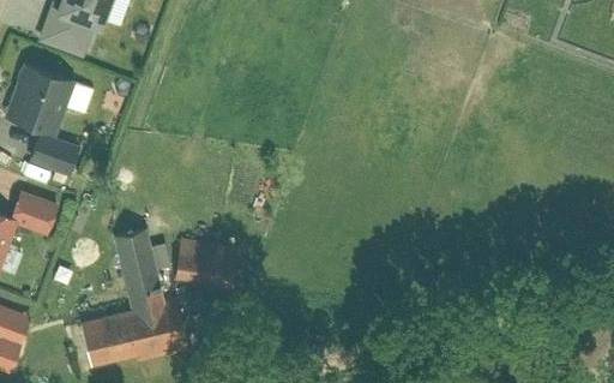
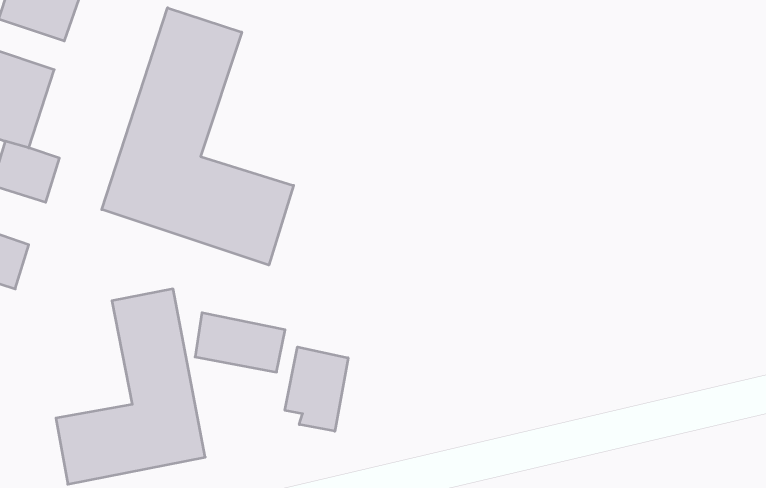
building: none -> [102,8,294,265]
building: none -> [285,347,348,431]

